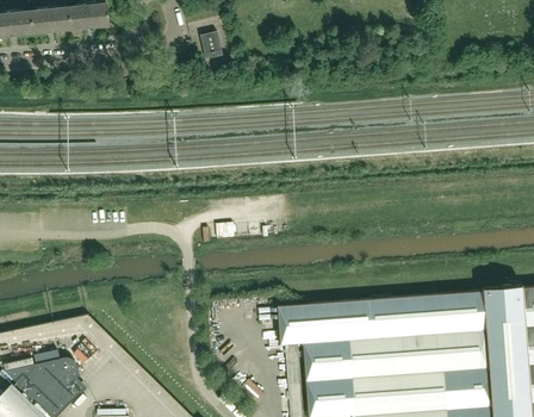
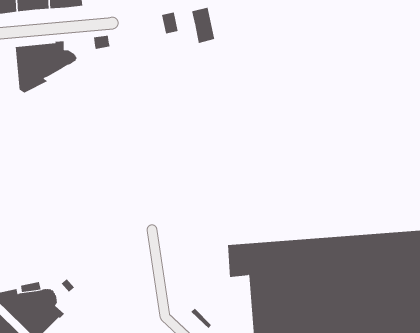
building: none -> [192,7,215,44]
building: none -> [15,40,77,94]

